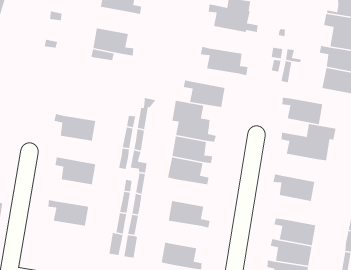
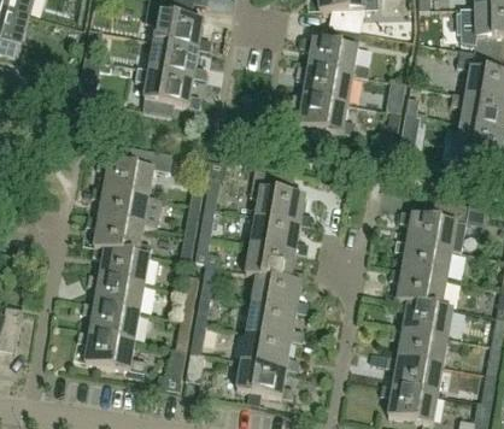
building: none -> [148,42,206,81]
building: [183,80,225,108] -> [294,66,352,105]
building: none -> [95,146,172,196]
building: [281,97,323,125] -> [394,241,451,280]
building: none -> [86,216,152,257]
building: none -> [87,275,143,313]
building: none -> [251,277,309,315]
building: none -> [394,299,452,339]
building: none -> [76,331,145,374]
building: none -> [241,334,298,371]

